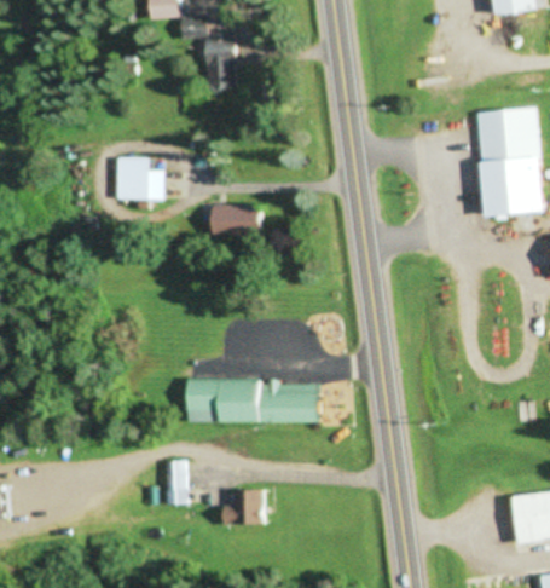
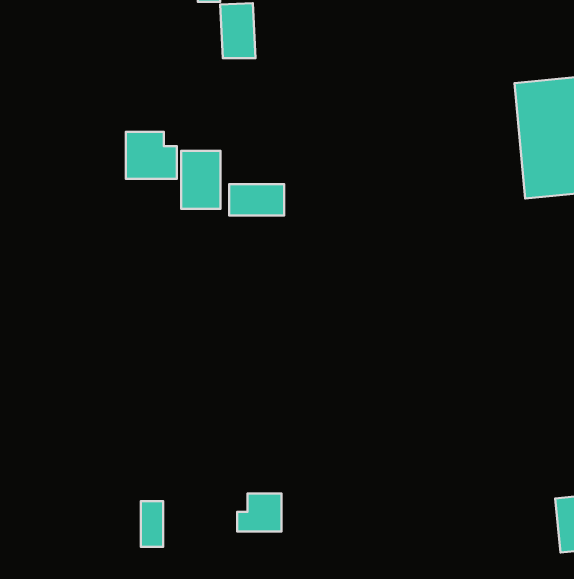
building: none -> [181,151,221,209]
building: [184,380,319,425] -> none
building: [161,461,181,503] -> [141,501,163,547]

